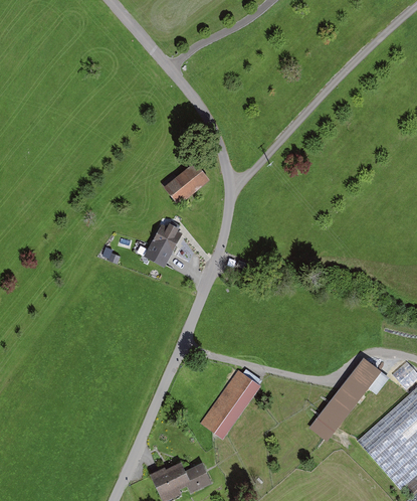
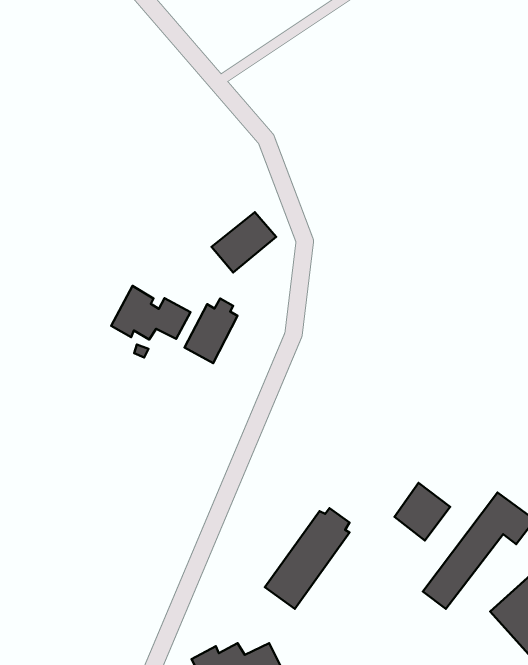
building: none -> [111,286,190,339]
building: none -> [395,483,450,540]

